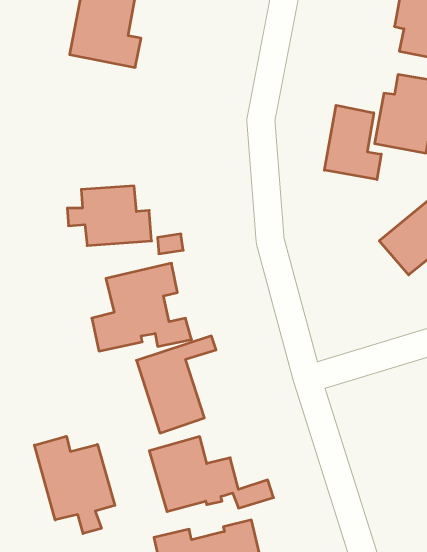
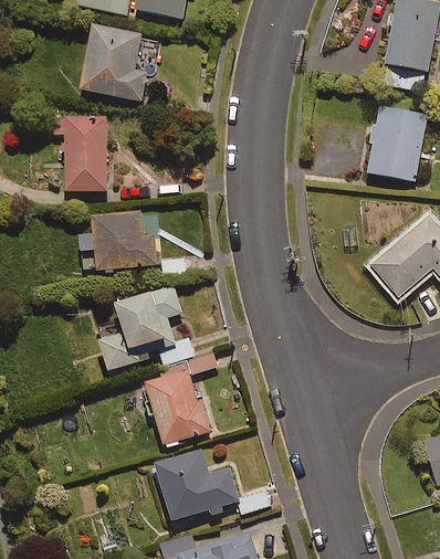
building: none -> [53,115,106,190]
building: [324,105,381,180] -> none
building: [34,436,115,534] -> none

